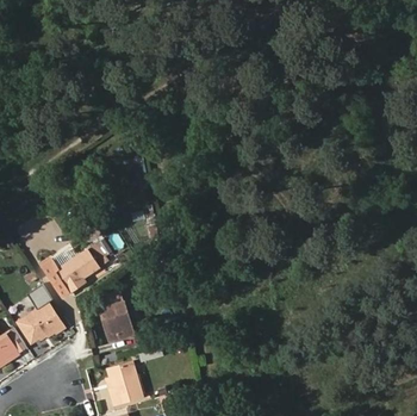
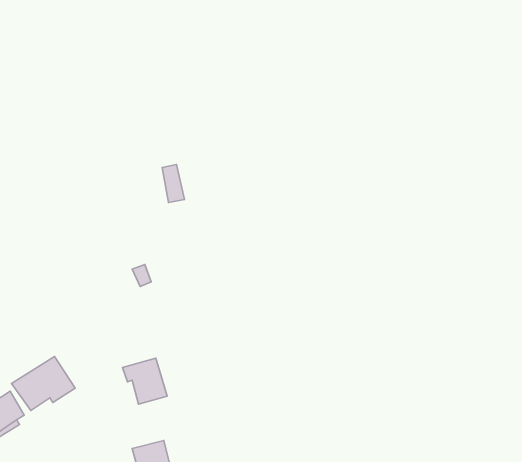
building: [46,249,100,293] -> none

